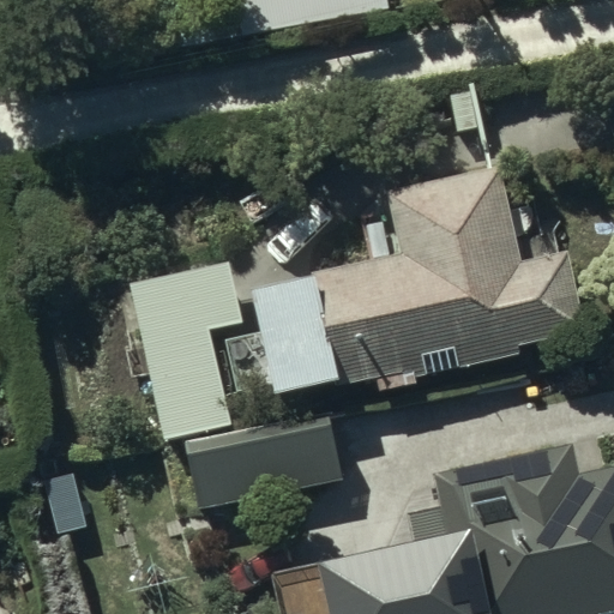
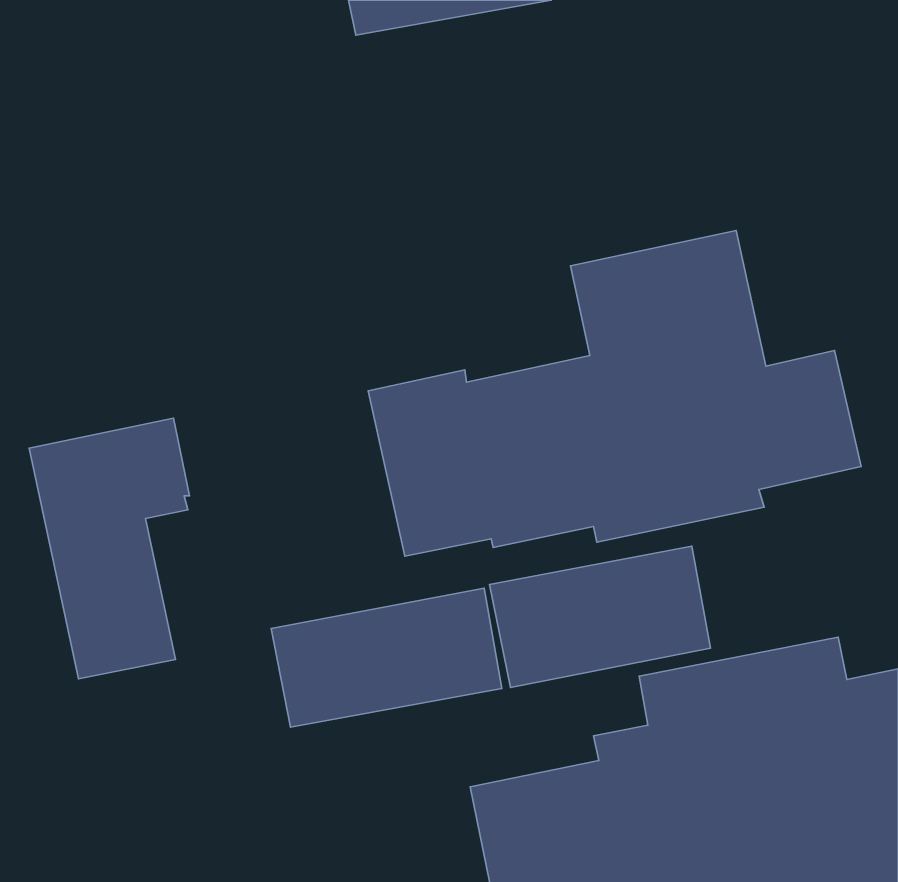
building: [131,261,240,439] -> [29,418,189,679]
building: none -> [490,546,711,688]

